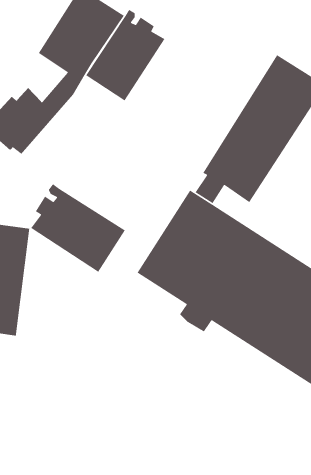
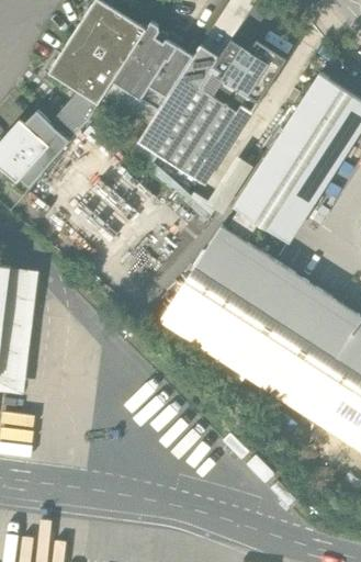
building: none -> [136,38,286,187]
building: [30,183,126,273] -> none

